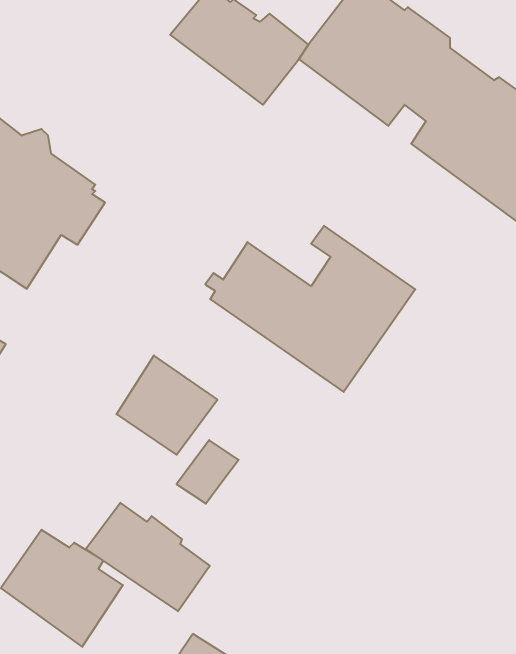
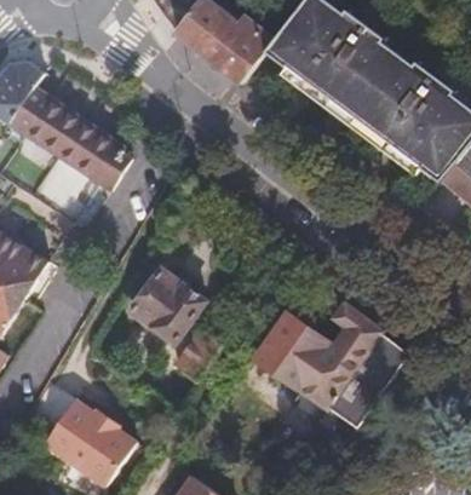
building: [205,226,415,392] -> [254,300,410,424]
building: [86,503,210,611] -> none

